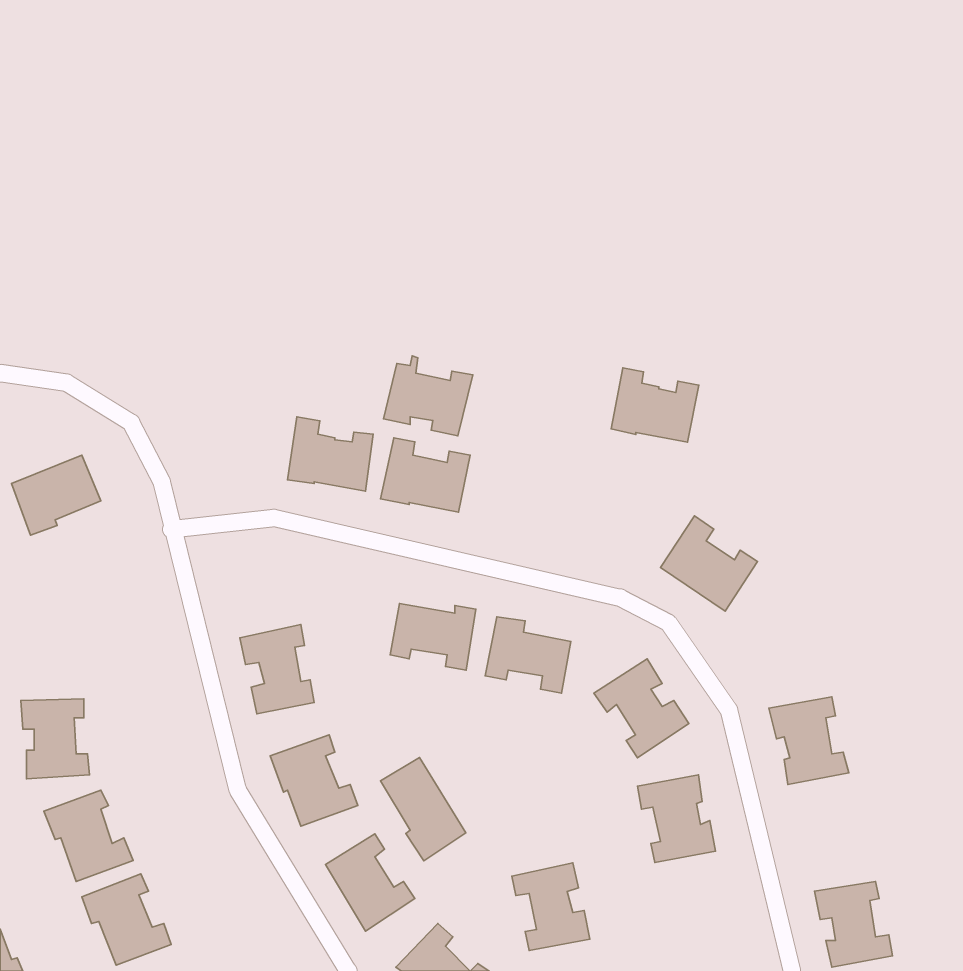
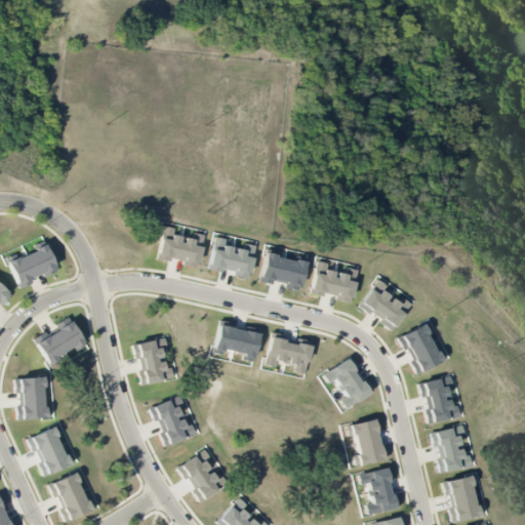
building: [383,356,473,436] -> [261,247,310,290]
building: [611,368,699,442] -> [313,260,360,300]
building: none -> [39,322,88,362]
building: none -> [400,322,449,372]
building: [380,757,466,861] -> none
building: none -> [434,425,475,472]
building: [512,863,590,951] -> [361,467,403,514]

